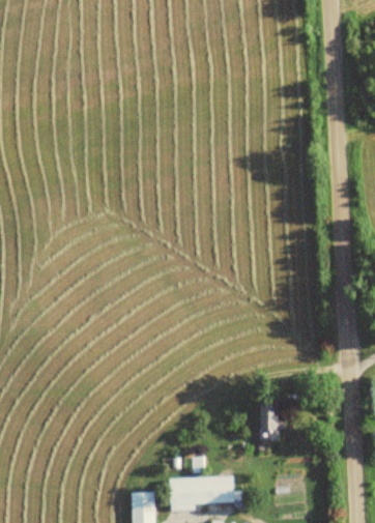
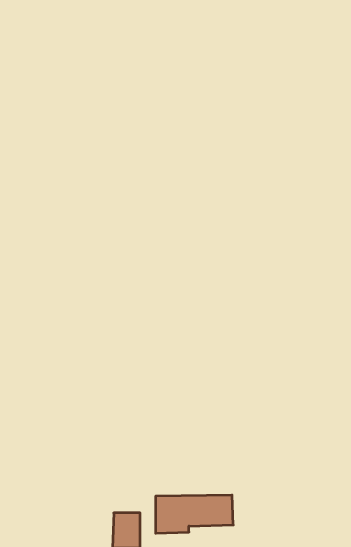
building: [260,405,283,440] -> none

